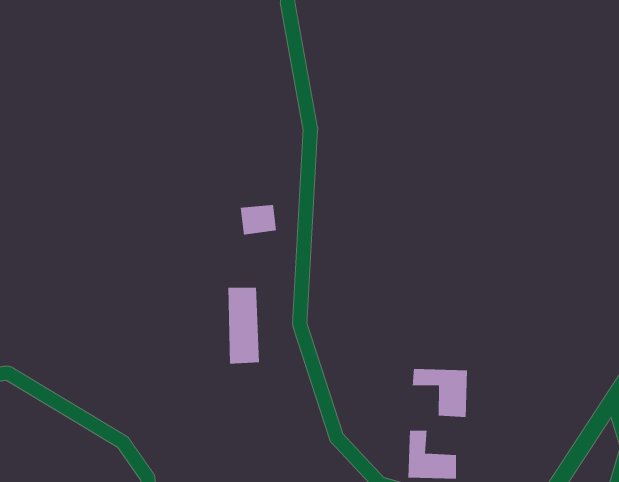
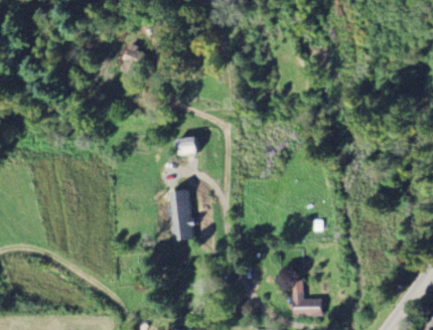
building: [412,368,468,418] -> none

